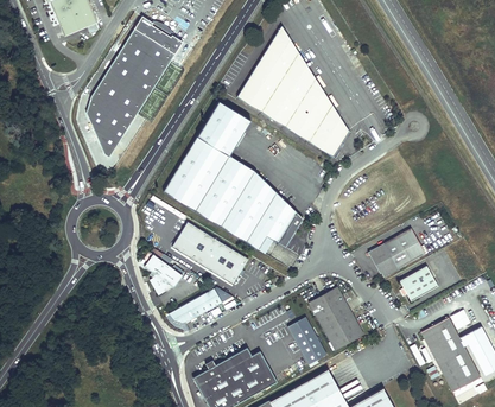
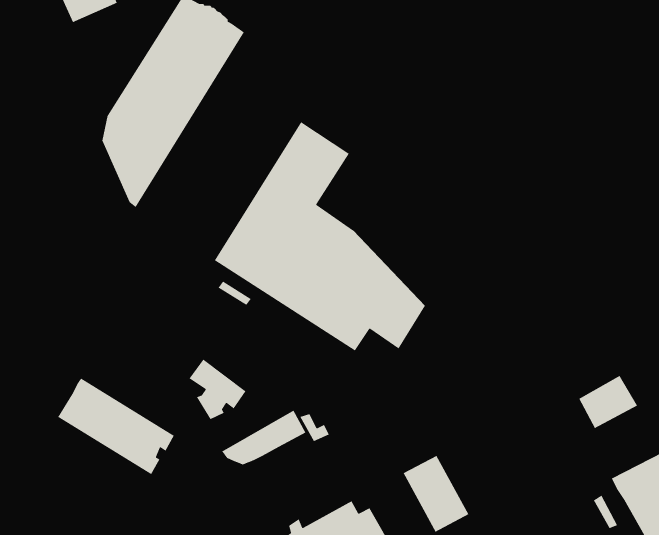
building: [237,30,348,155] -> none
building: [172,220,249,284] -> [57,377,175,475]
building: [368,228,426,275] -> none
building: [311,287,364,350] -> none

